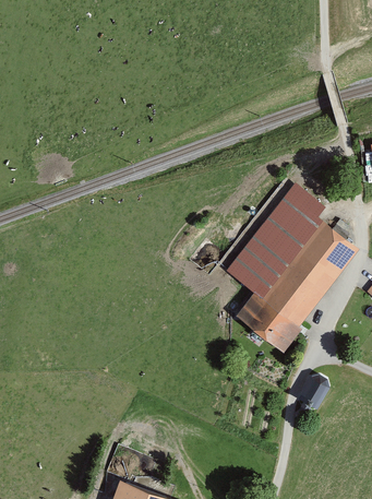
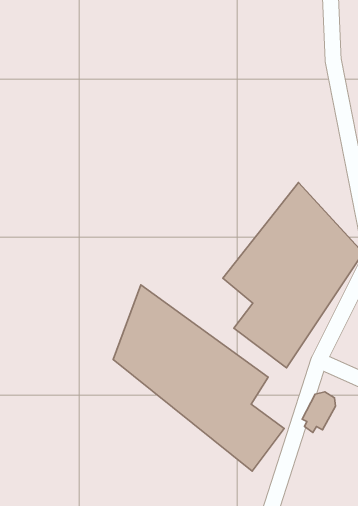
building: none -> [113,285,284,471]

